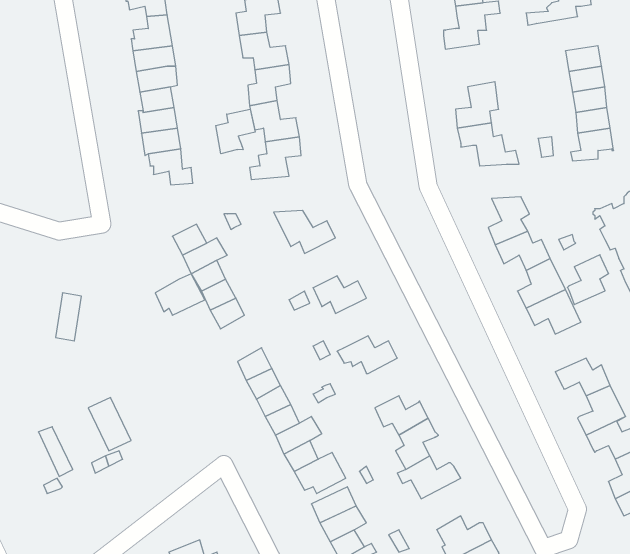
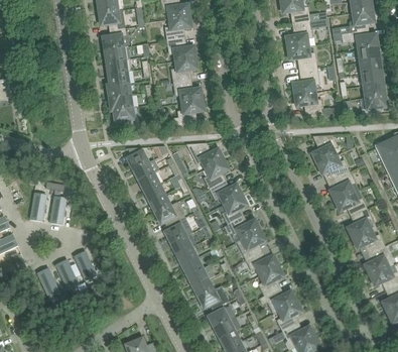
building: none -> [341,28,377,48]
building: none -> [287,44,316,70]
building: [216,109,255,154] -> none
building: none -> [204,158,228,188]
building: [567,255,609,305] -> [348,208,372,237]
building: [155,274,205,315] -> [155,201,184,225]
building: none -> [30,187,50,219]
building: none -> [222,194,246,223]
building: none -> [237,229,264,258]
building: none -> [60,260,85,290]
building: none -> [277,300,300,330]

